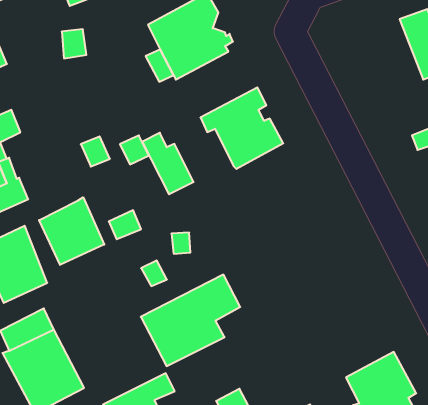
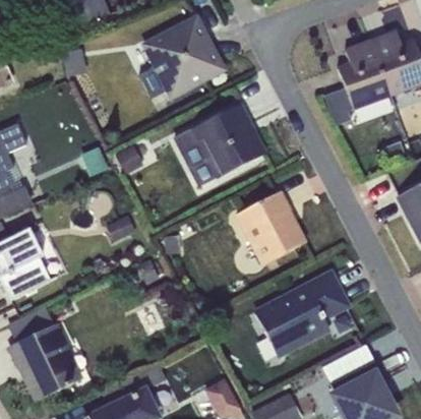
building: none -> [324,40,393,124]
building: [142,133,194,194] -> [174,129,221,185]
building: none -> [235,189,306,264]
building: [39,197,104,265] -> none
building: [141,275,240,366] -> [255,274,346,357]

